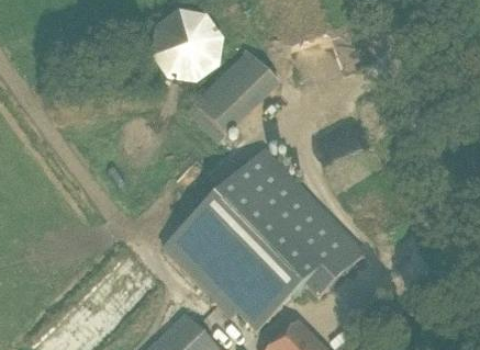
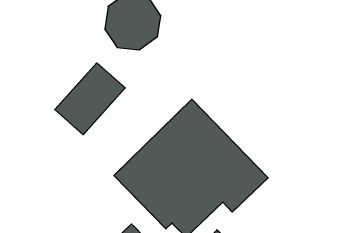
building: [186,45,278,139] -> [55,63,125,135]

